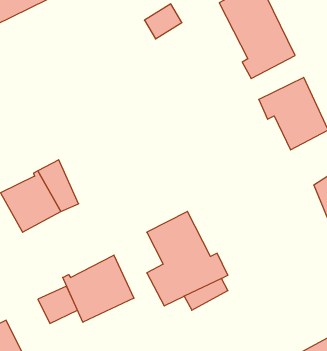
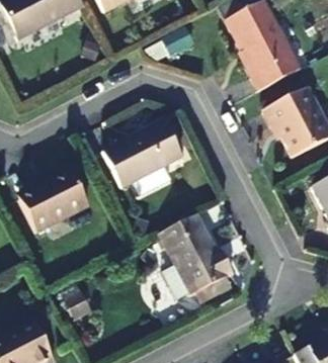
building: none -> [107,122,187,201]
building: [63,255,134,322] -> none

